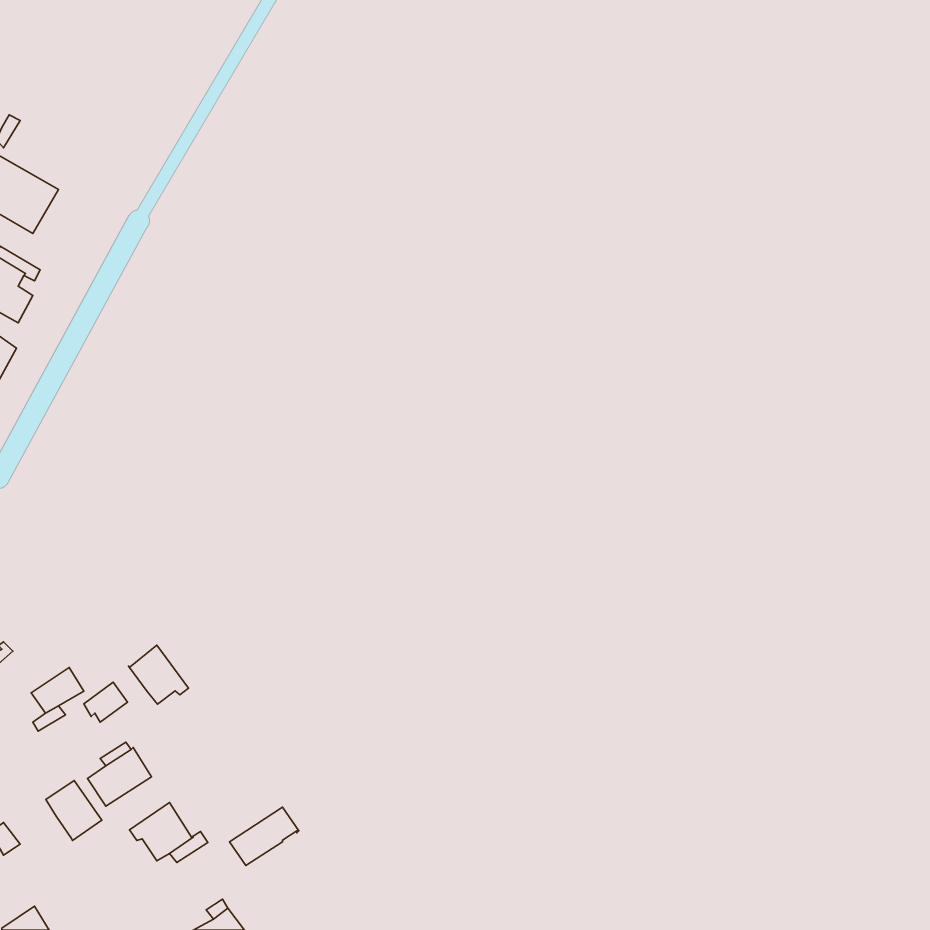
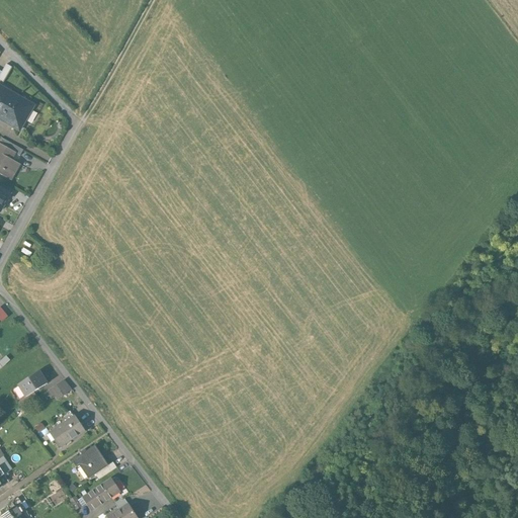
building: [129,645,188,704] -> none
building: [46,781,102,841] -> none
building: [229,807,299,866] -> [81,479,119,511]

